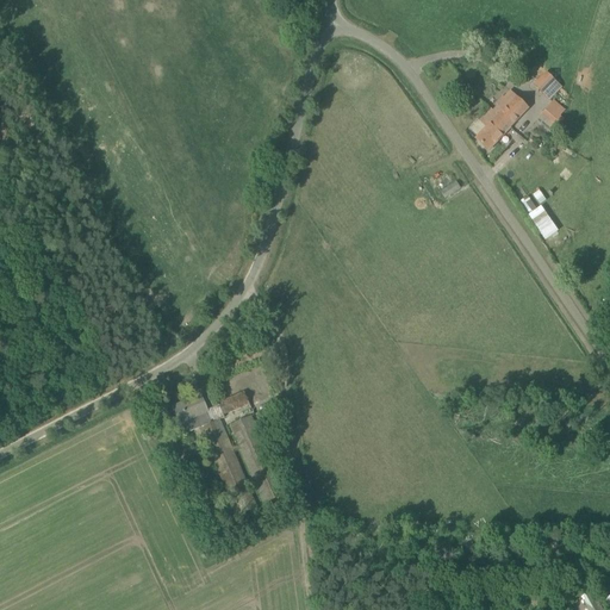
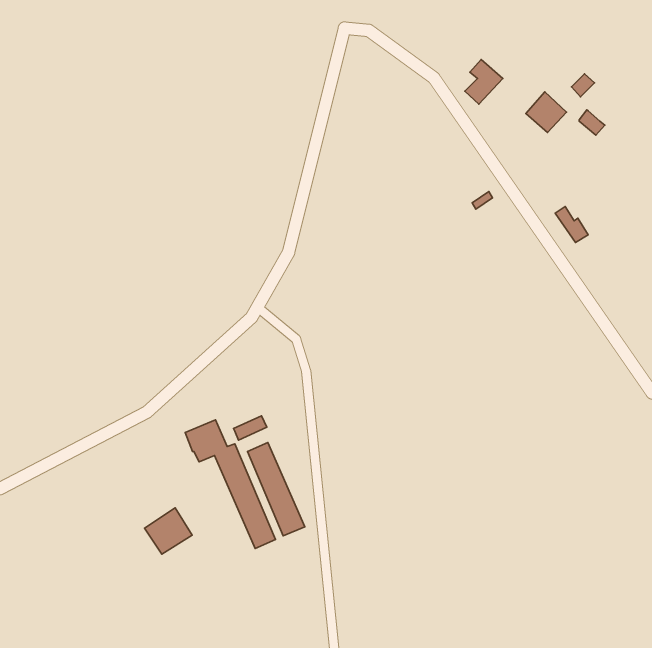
building: [475,106,511,148] -> [465,59,503,104]
building: none -> [144,508,192,554]

